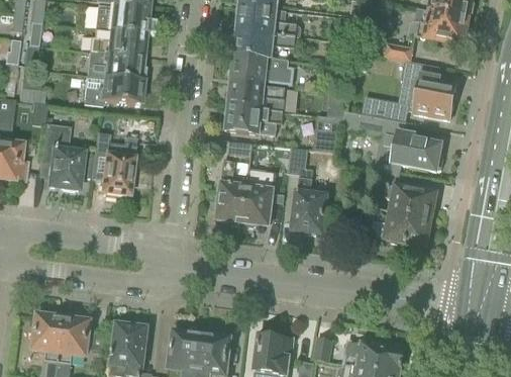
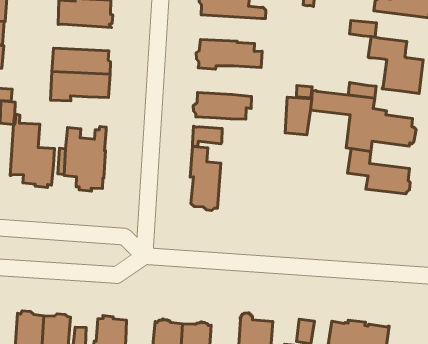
building: [232,28,297,57] -> none
building: [96,29,147,59] -> none
building: [227,80,286,112] -> none
building: [287,149,325,232] -> none
building: [242,169,284,225] -> none
building: [374,208,430,246] -> none

